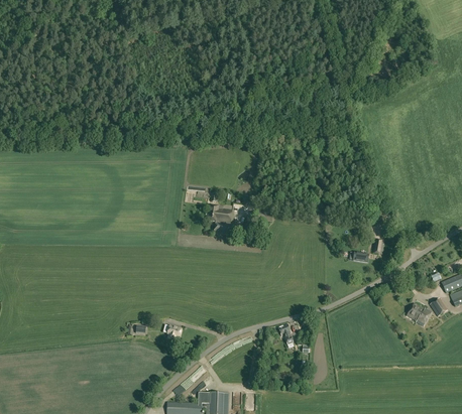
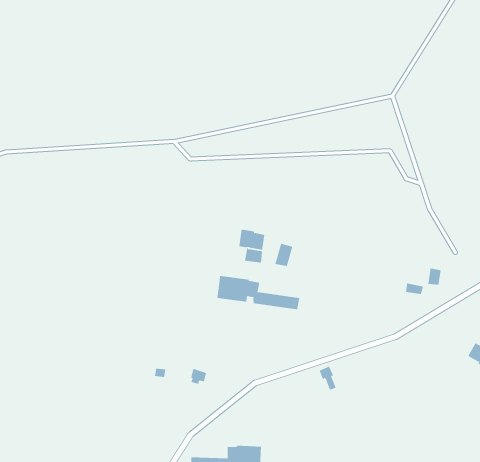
building: none -> [217,275,300,310]

